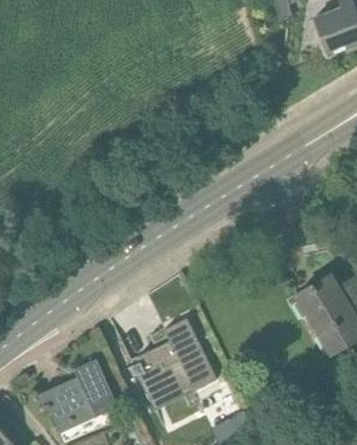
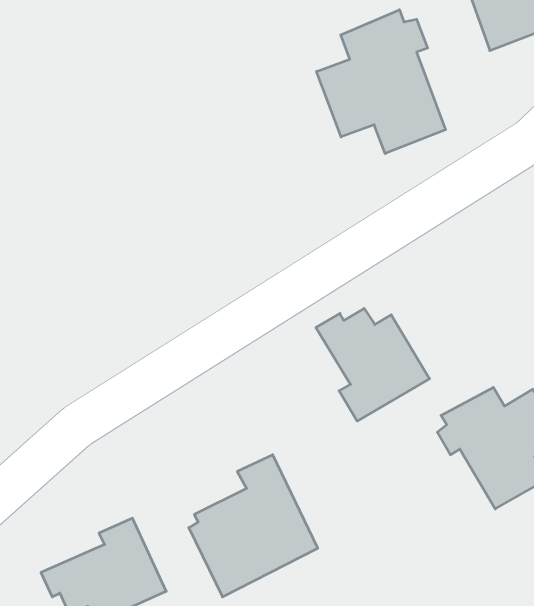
building: none -> [317,10,446,154]
building: none -> [316,308,430,421]

